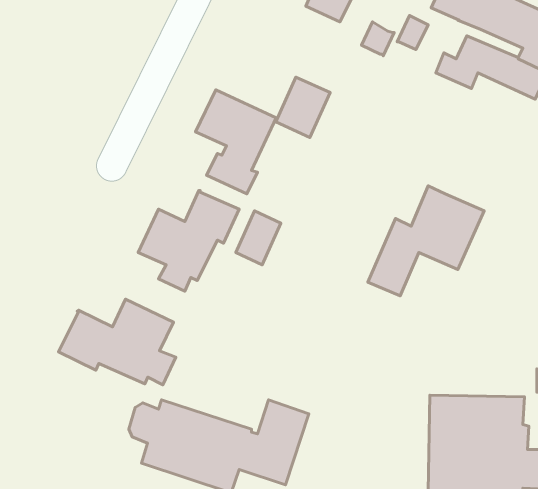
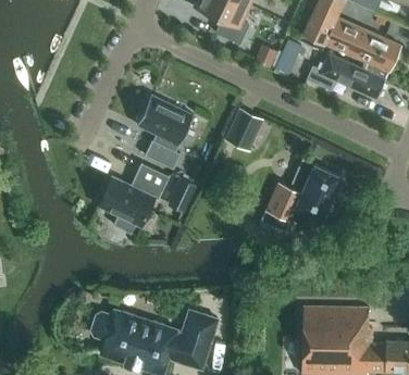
building: [276,77,330,137] -> [225,110,263,152]
building: [58,299,176,385] -> none

